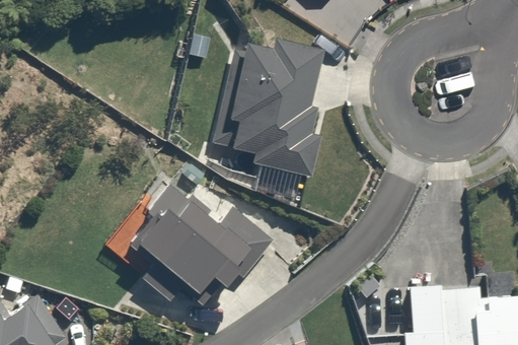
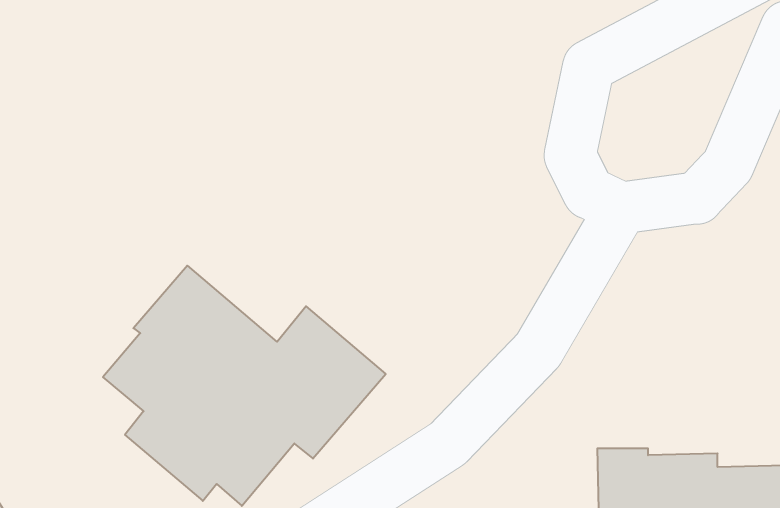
building: [221,40,322,182] -> none

